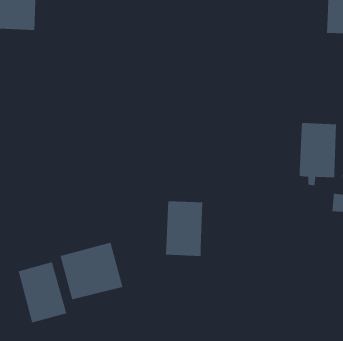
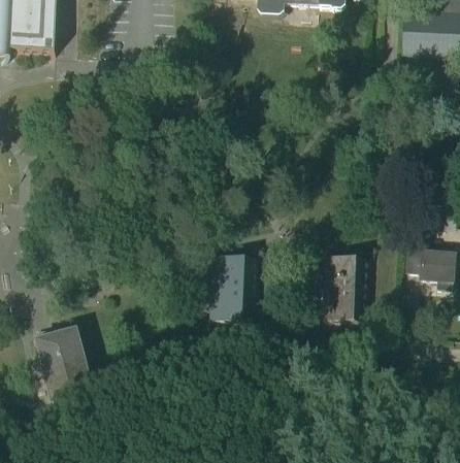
building: [299,123,337,186] -> [320,254,365,329]
building: [60,242,123,300] -> none

